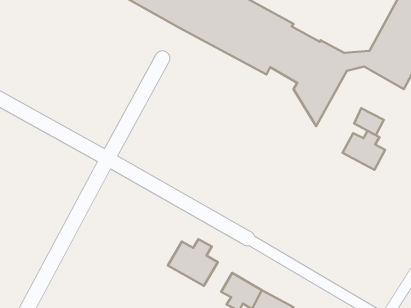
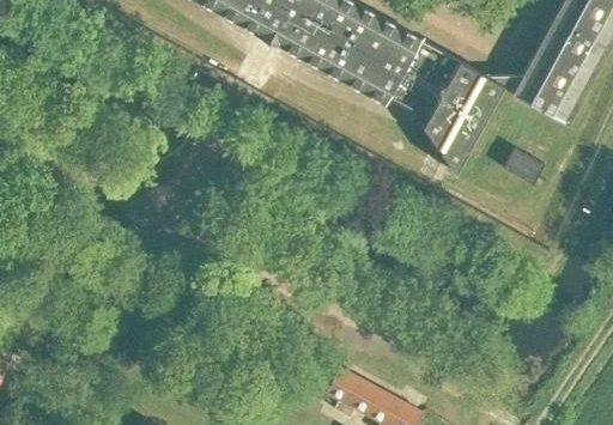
building: [343,131,385,170] -> none
building: [168,239,218,286] -> none

